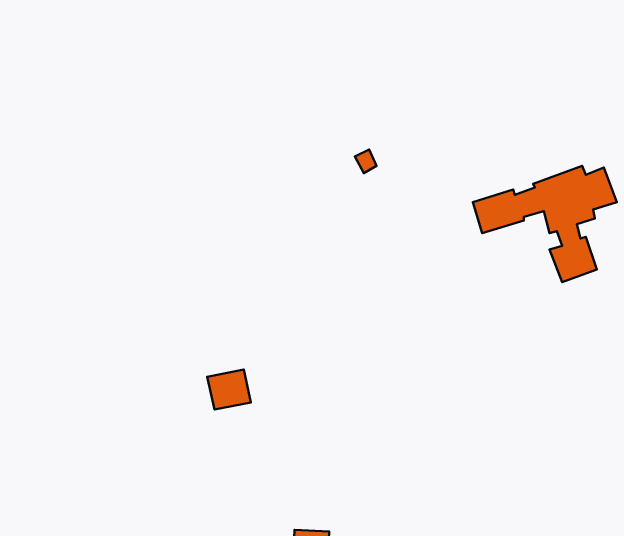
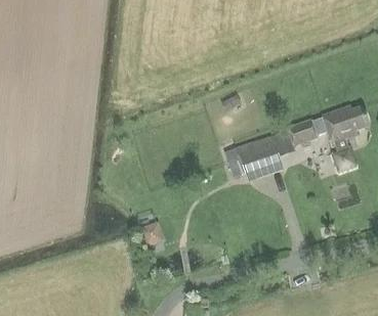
building: none -> [226,136,282,177]

